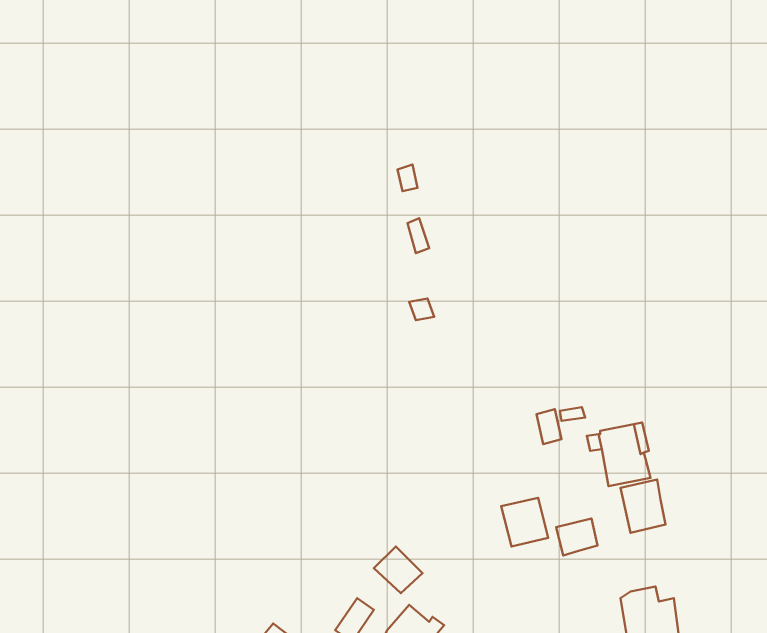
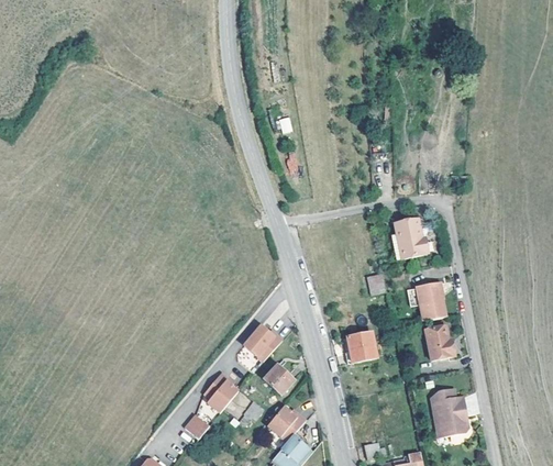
building: none -> [391,221,425,263]
building: none -> [244,323,284,360]
building: [556,518,598,555] -> none
building: none -> [203,370,241,413]

